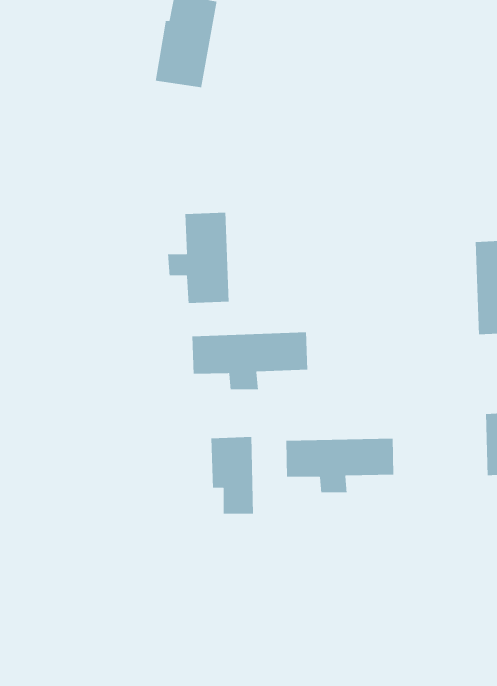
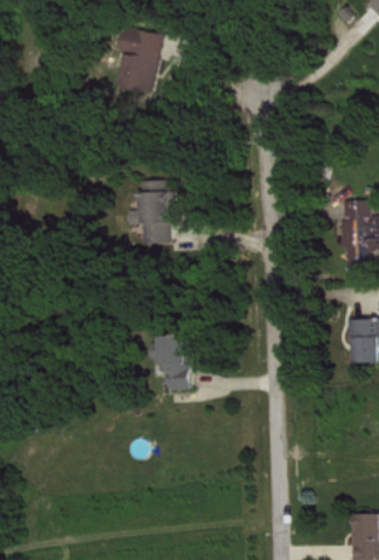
building: [192,331,308,390] -> none
building: [285,438,394,493] -> none

